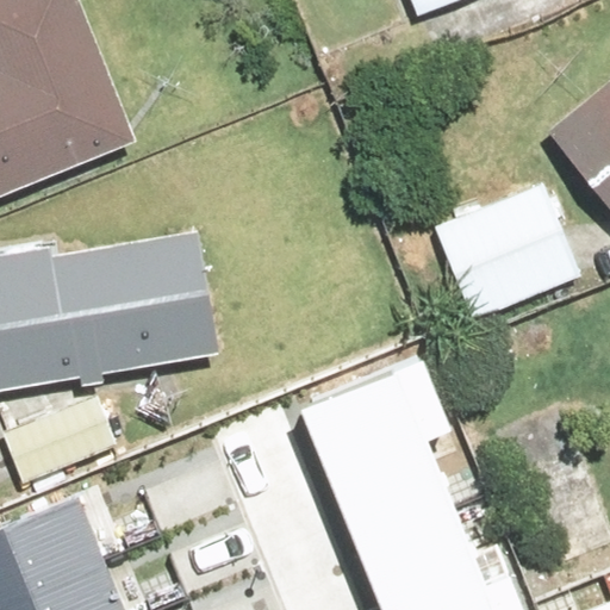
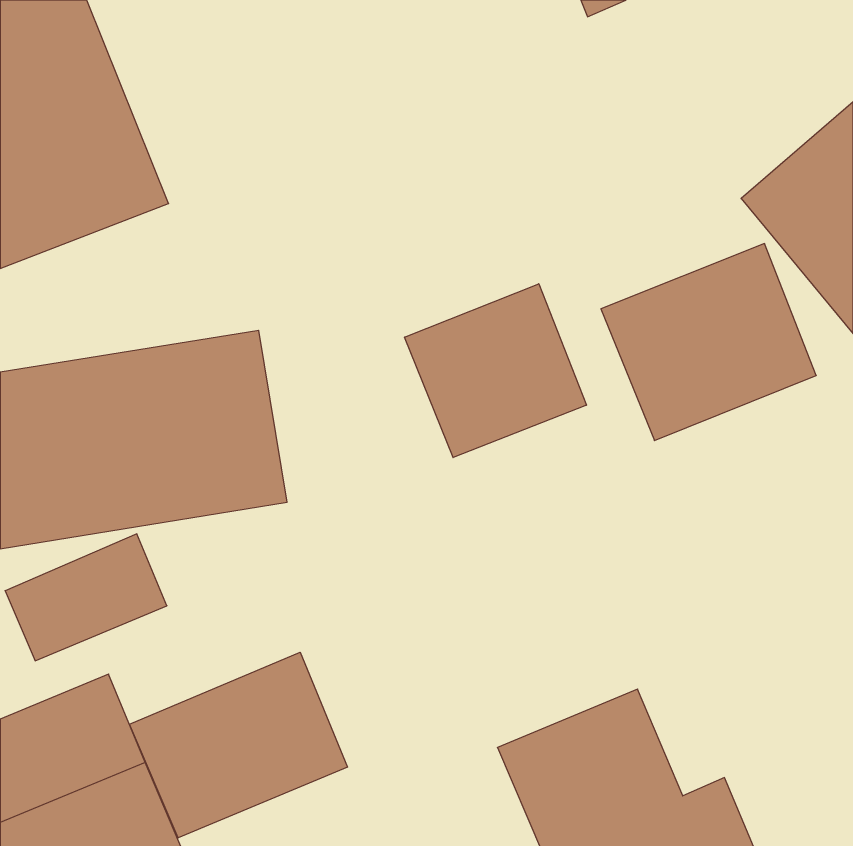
building: none -> [405,284,586,458]
building: [293,337,455,539] -> none
building: none -> [129,652,348,838]

